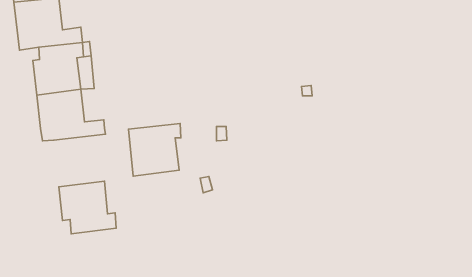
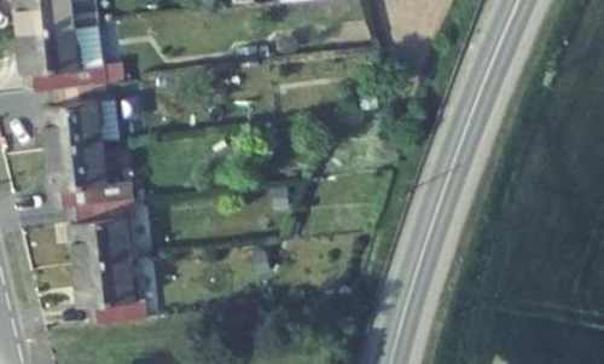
building: [128,123,181,176] -> [74,179,140,245]

